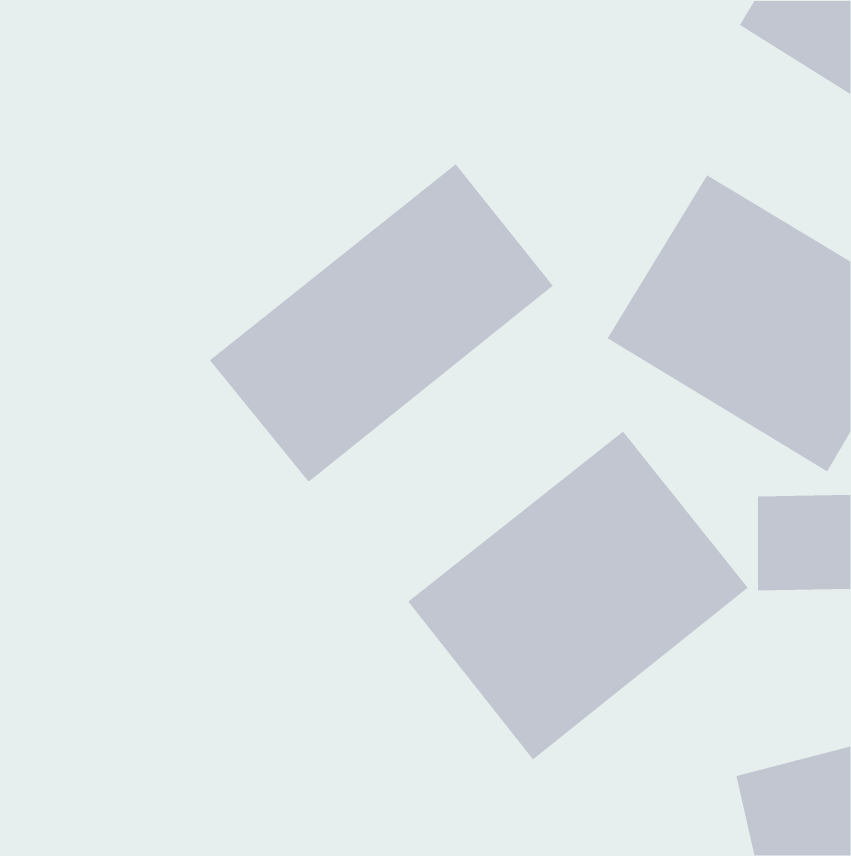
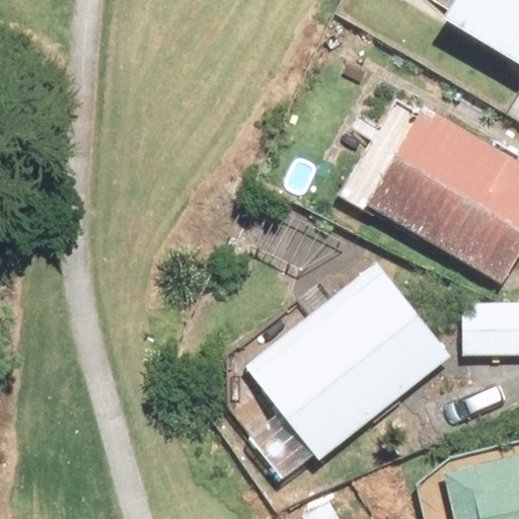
building: [209,163,554,483] -> none

